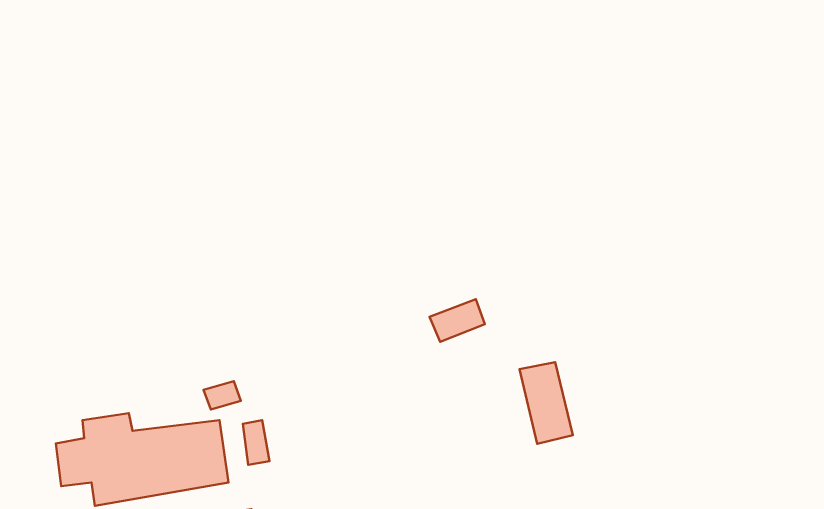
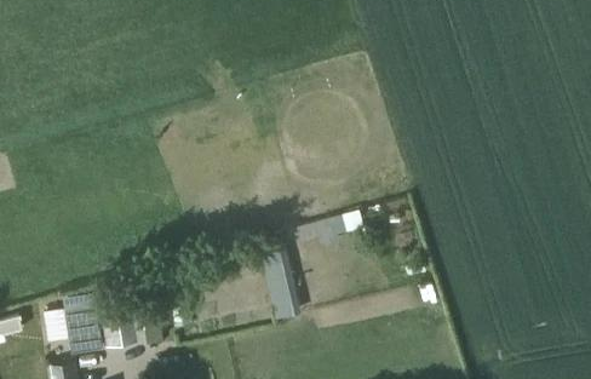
building: [519,362,573,444] -> [264,265,300,321]

